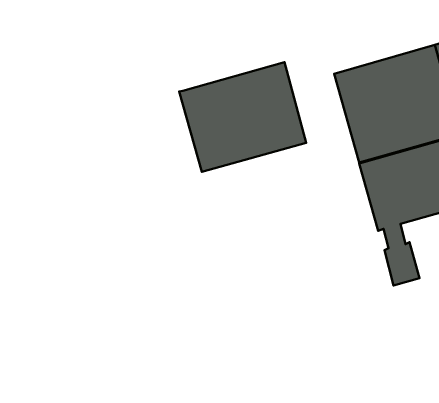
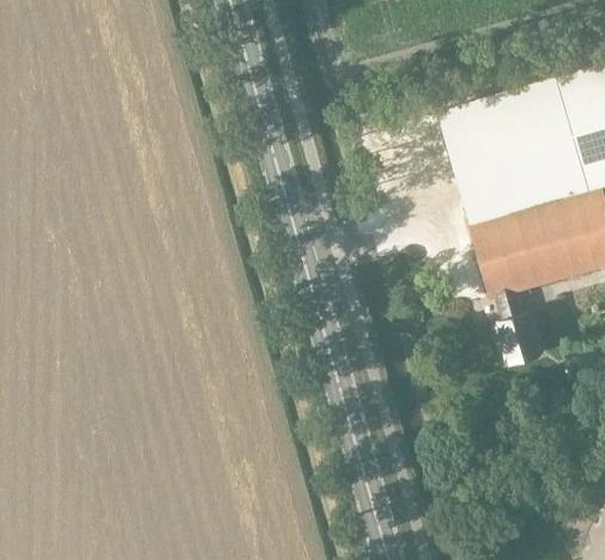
building: [179,62,306,172] -> none

